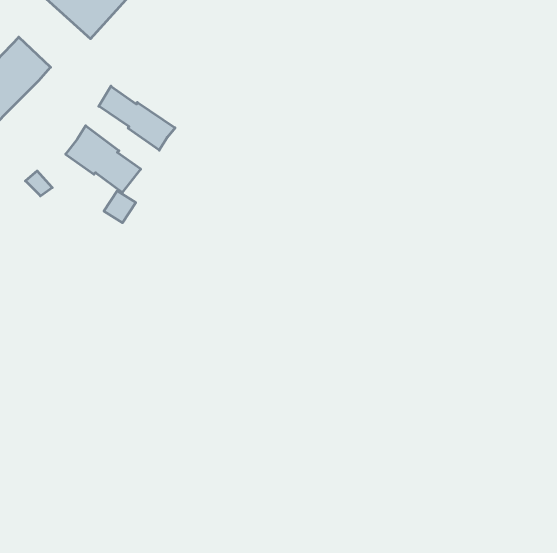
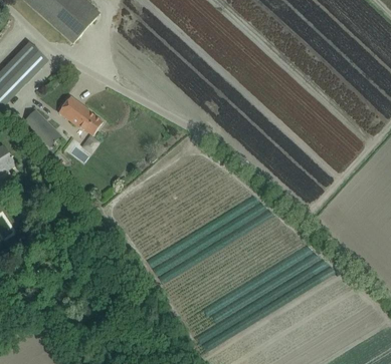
building: [99,86,175,150] -> none

